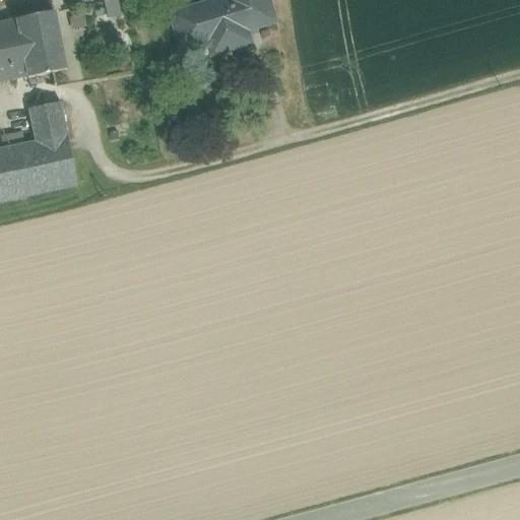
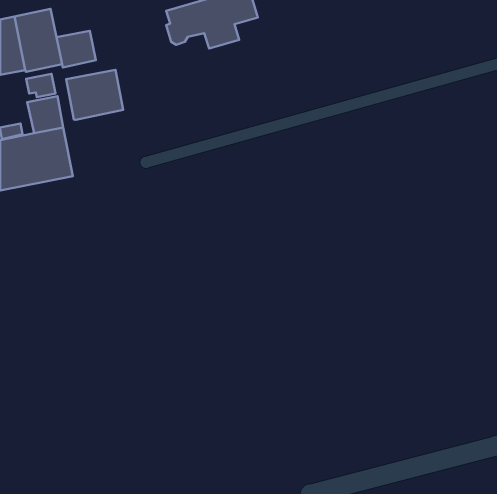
building: none -> [57,31,96,67]
building: none -> [66,70,123,120]

